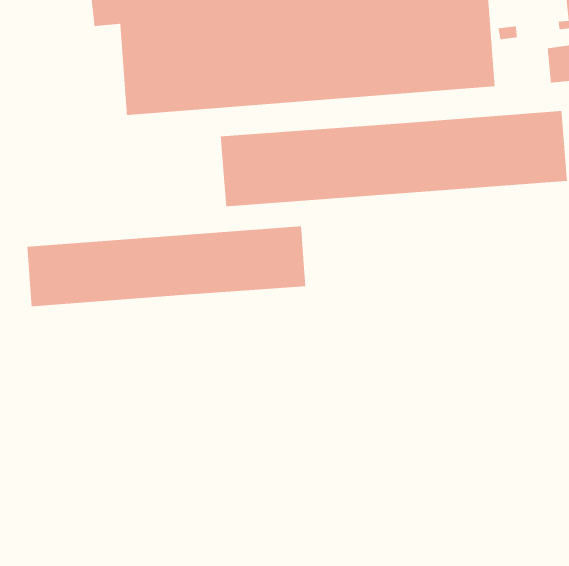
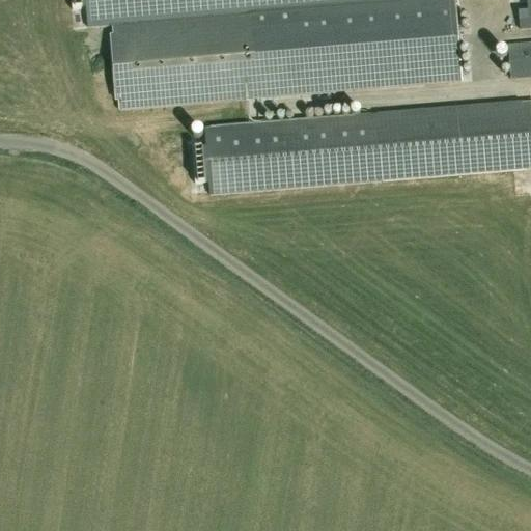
building: [27,226,306,307] -> none

